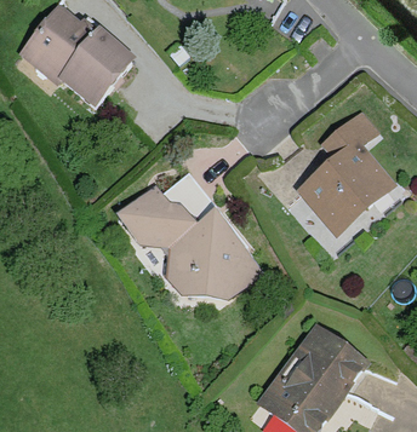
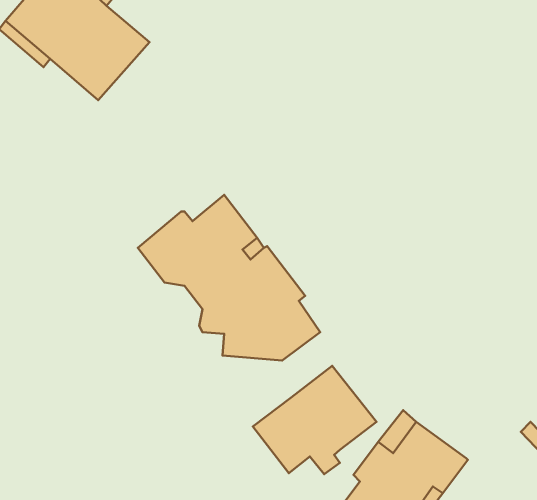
building: [303,117,387,225] -> none
building: none -> [253,366,377,474]

